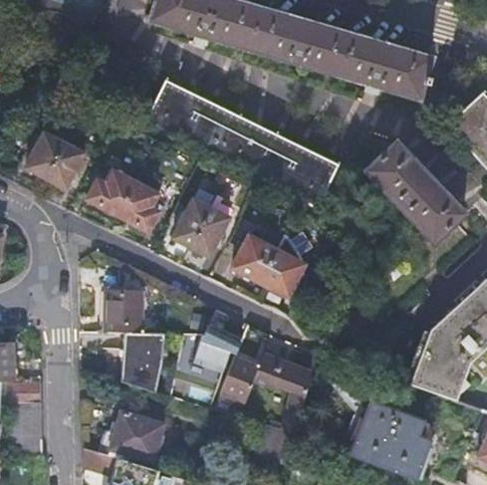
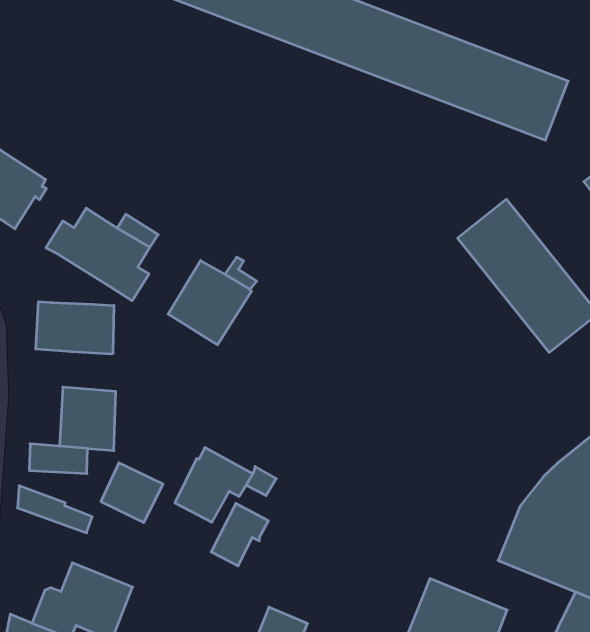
building: [145,76,339,206] -> none
building: [232,233,303,294] -> none
building: none -> [36,302,114,354]
building: [248,356,304,435] -> none

